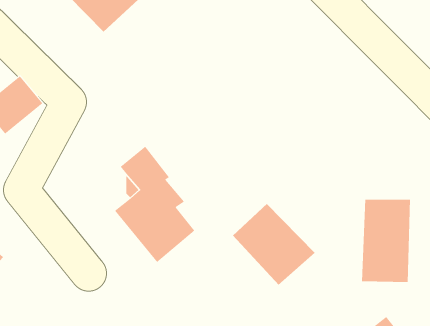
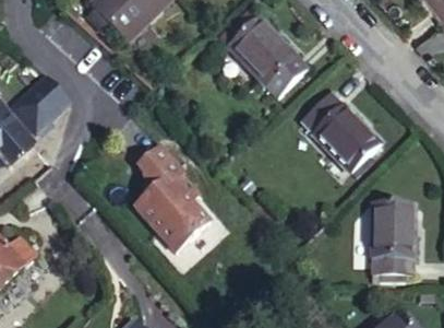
building: none -> [230,17,311,98]
building: [232,203,316,285] -> [302,94,381,172]

